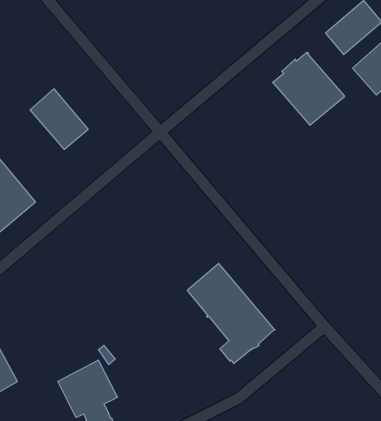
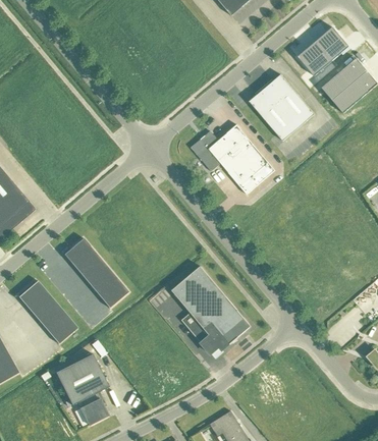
building: [30,89,88,149] -> none
building: none -> [190,123,274,194]
building: none -> [62,237,127,308]
building: none -> [15,279,76,343]

